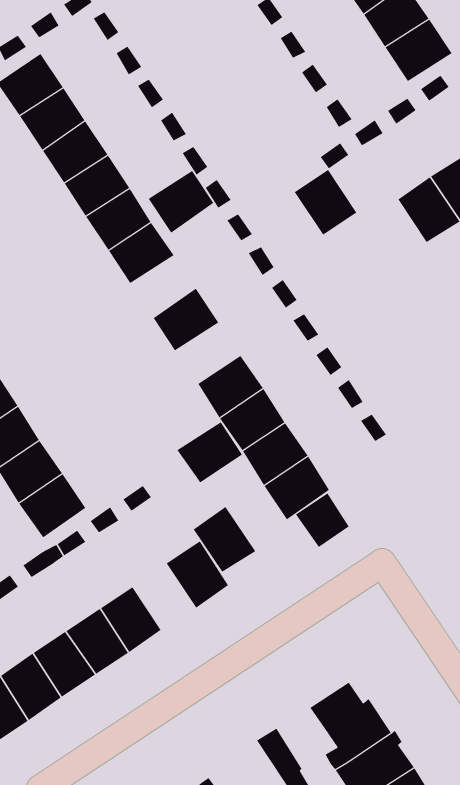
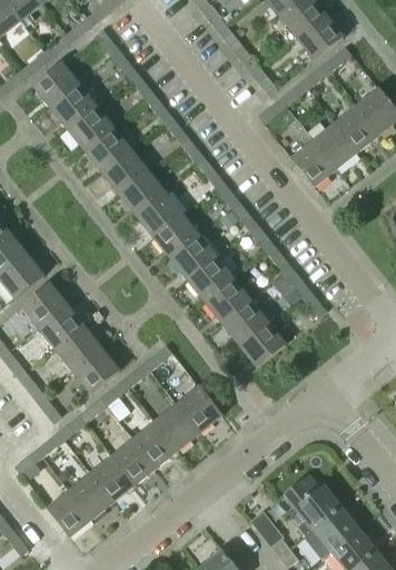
building: [294,169,357,235] -> [290,140,335,186]
building: [148,170,214,233] -> [135,191,180,236]
building: [177,422,243,483] -> [169,235,215,278]
building: [295,492,349,548] -> none
building: [193,506,256,573] -> [155,403,199,449]

